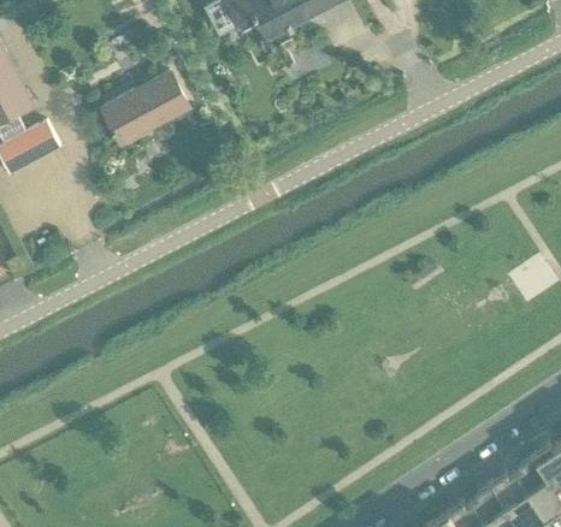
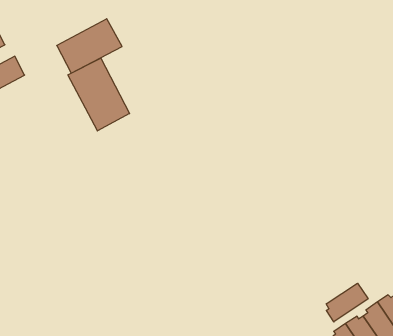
building: none -> [68,58,130,131]
building: none -> [326,283,368,322]

